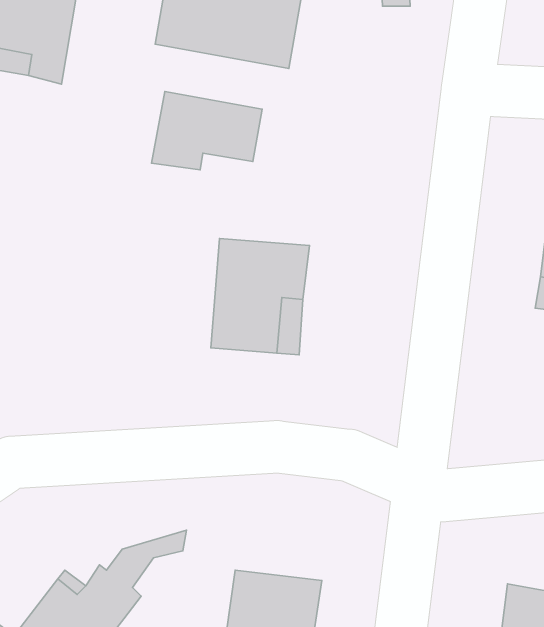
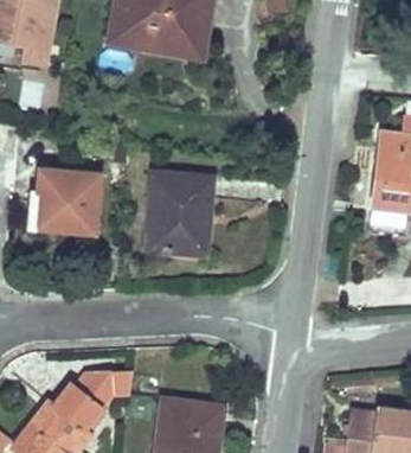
building: [151,91,262,170] -> none
building: none -> [39,170,101,231]

